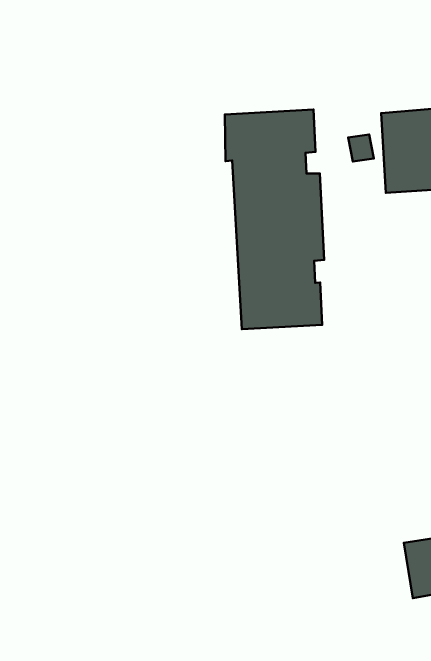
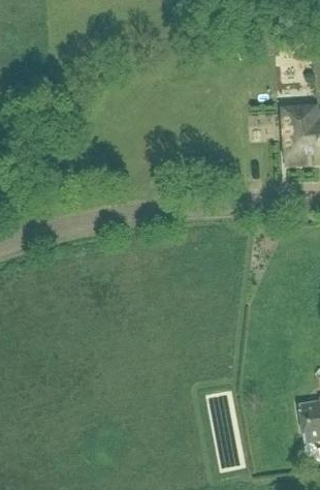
building: [225,109,324,329] -> none

